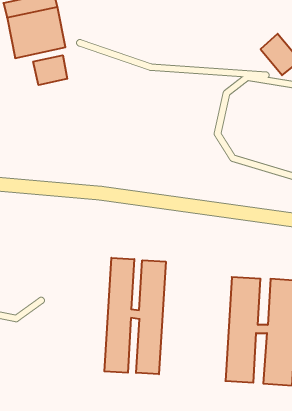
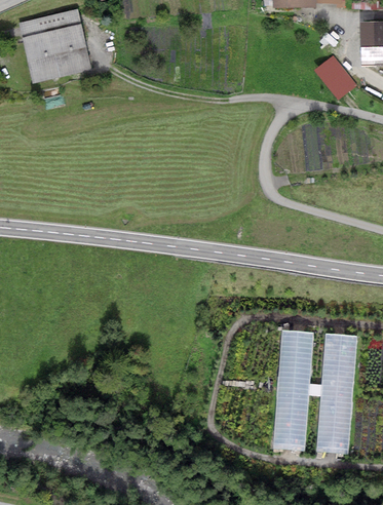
building: [33,55,67,85] -> none
building: [104,258,166,374] -> none

